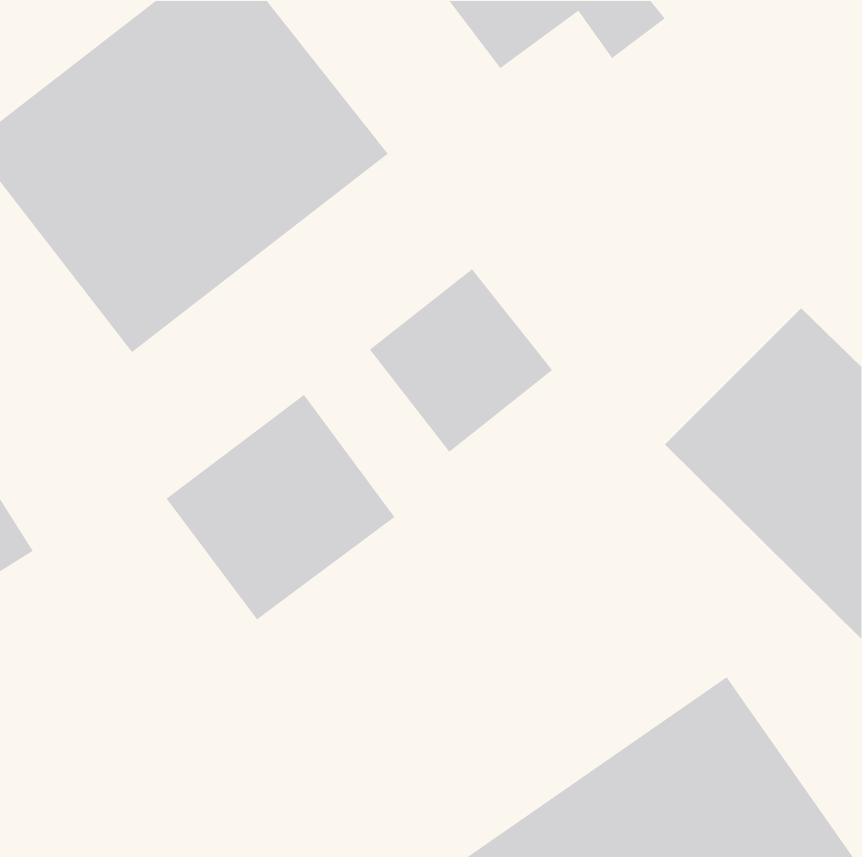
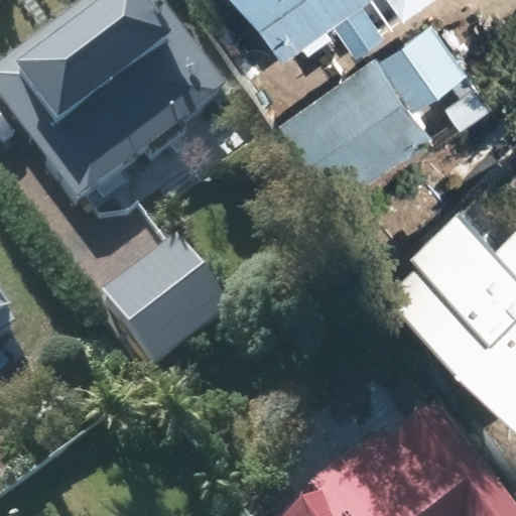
building: none -> [295,9,482,194]
building: [369,268,553,453] -> none

